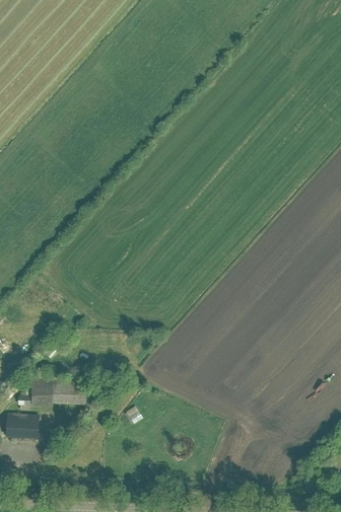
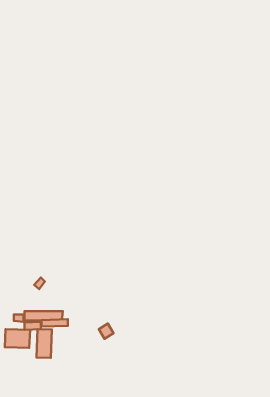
building: none -> [36,329,52,358]

